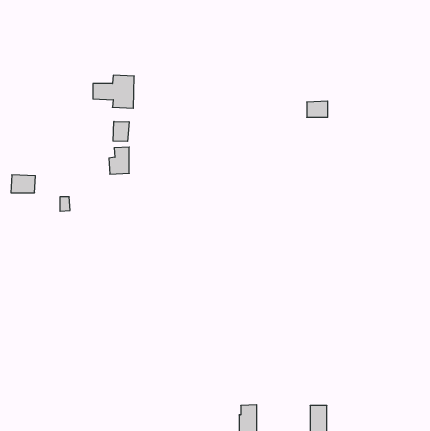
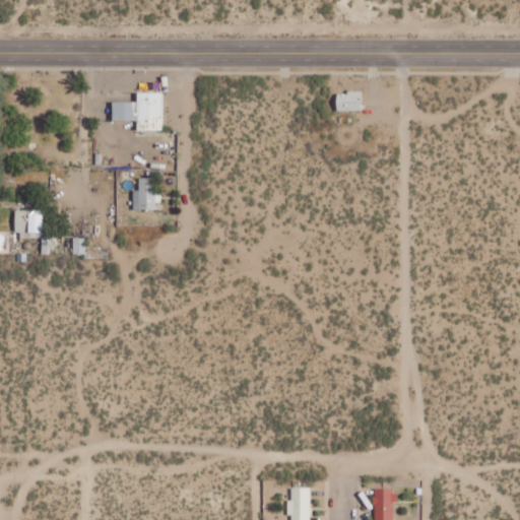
building: [307,101,328,117] -> [335,91,361,111]
building: [113,121,129,141] -> none

